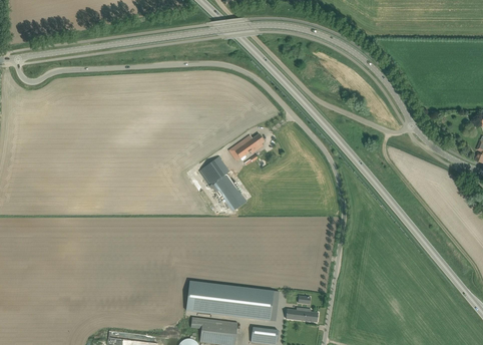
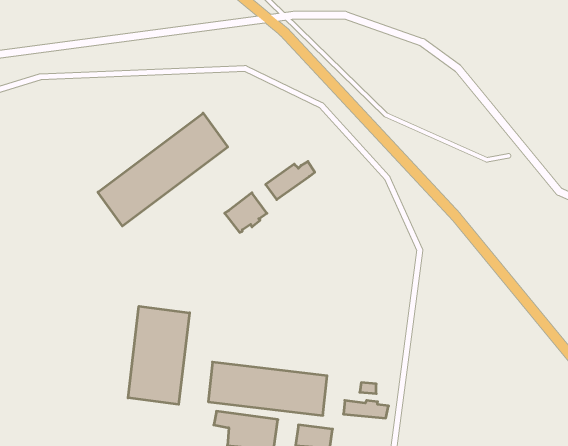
building: none -> [98,113,228,226]
building: [209,175,247,211] -> none
building: none -> [128,306,190,404]

